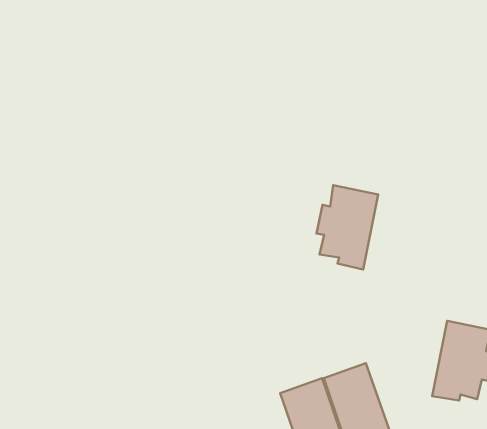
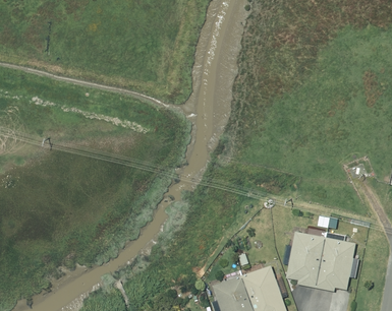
building: [317,185,378,269] -> [283,231,325,288]

